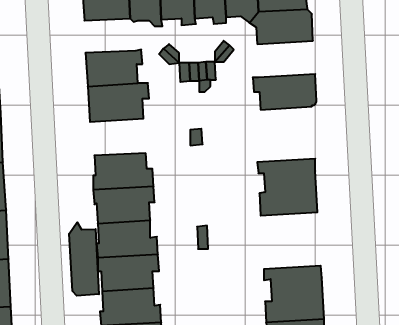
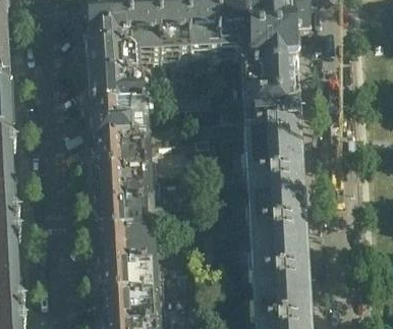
building: none -> [90,44,139,75]
building: none -> [241,64,300,98]
building: none -> [244,124,300,175]
building: none -> [95,135,151,169]
building: none -> [250,221,305,273]
building: [69,222,99,296] -> none

